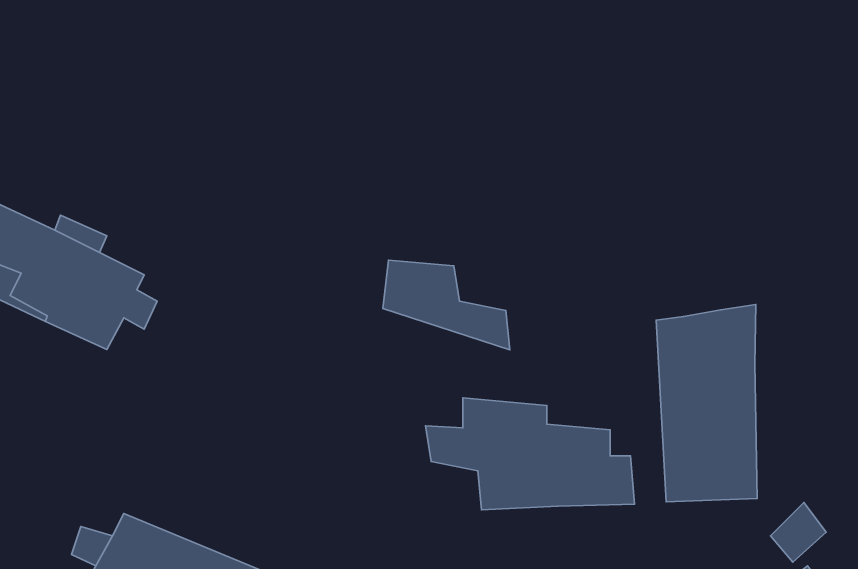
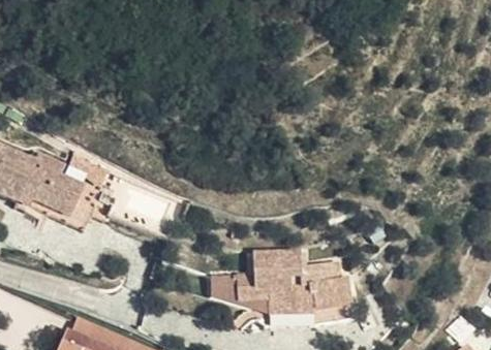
building: [383,260,510,350] -> [205,264,275,314]
building: [656,304,757,502] -> none

